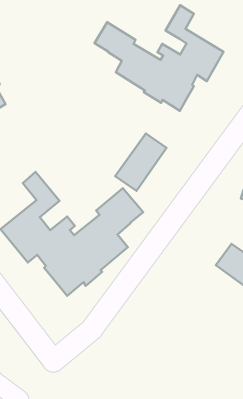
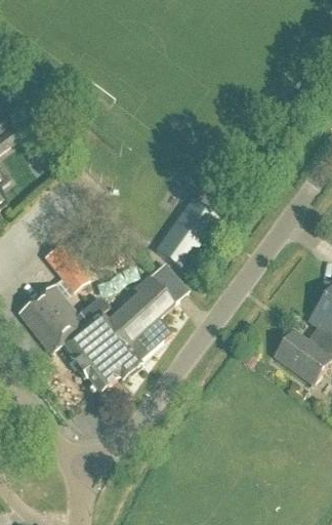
building: [95,5,224,111] -> none

